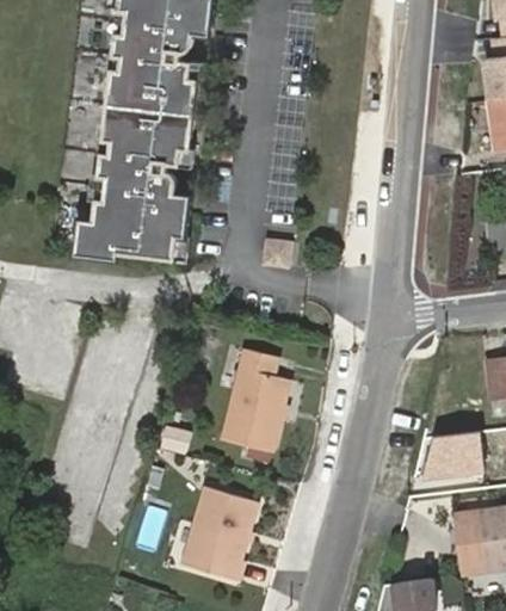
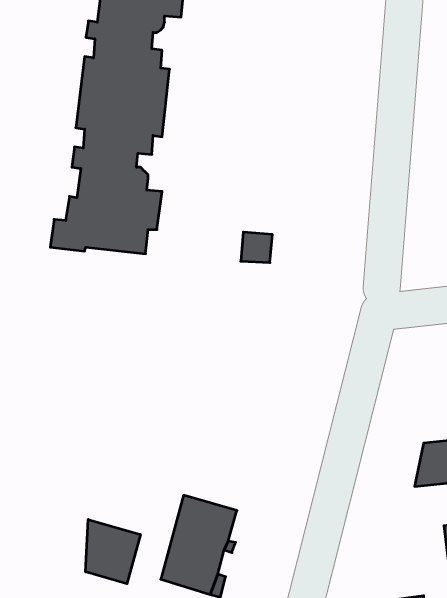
building: [223,346,291,449] -> none
building: none -> [86,519,140,584]

